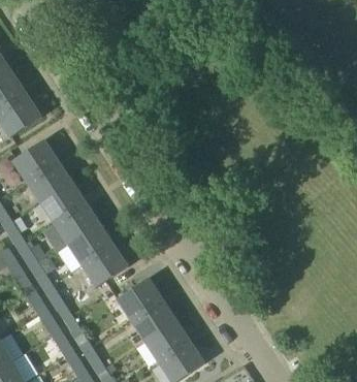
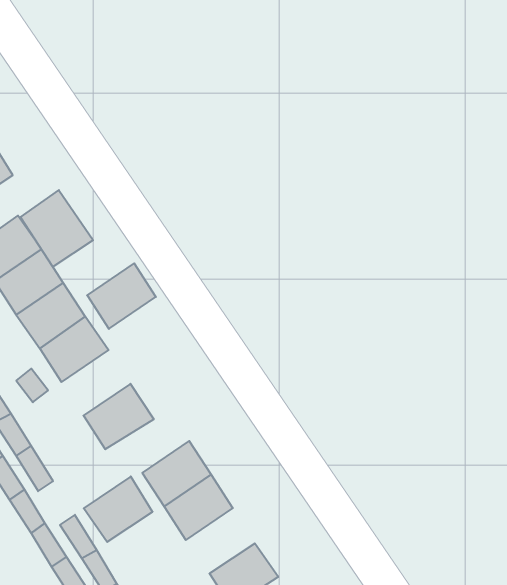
building: none -> [21,190,93,267]
building: [70,224,112,264] -> [87,263,156,329]
building: [147,321,189,361] -> [84,476,153,542]

